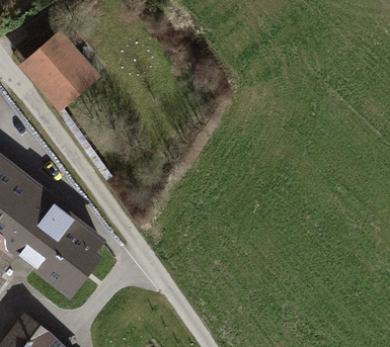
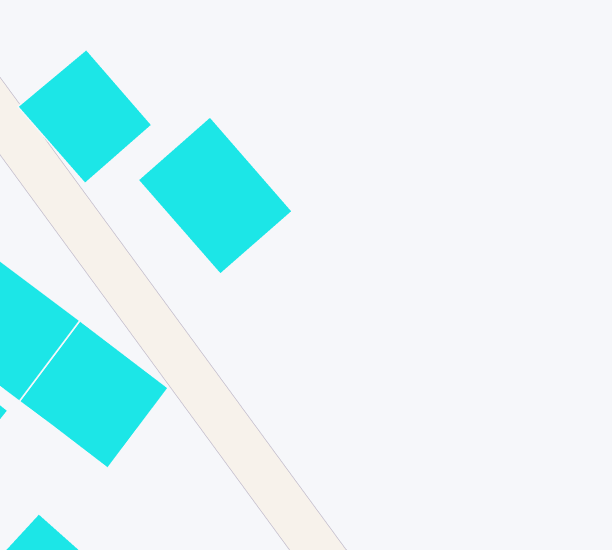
building: none -> [138,117,292,274]

